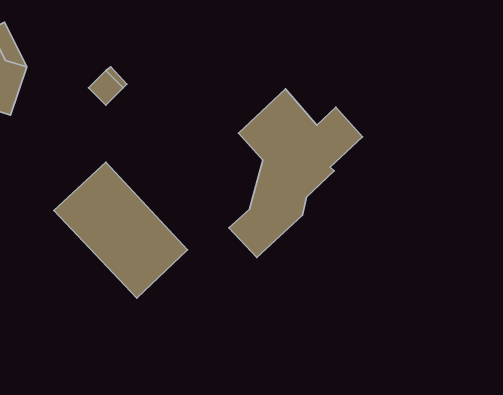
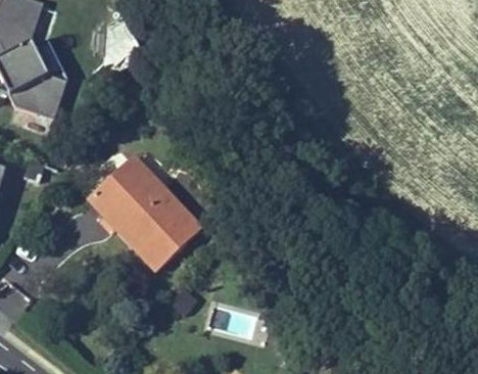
building: [229,89,362,258] -> none

